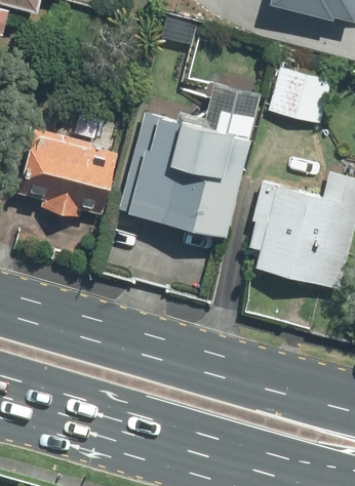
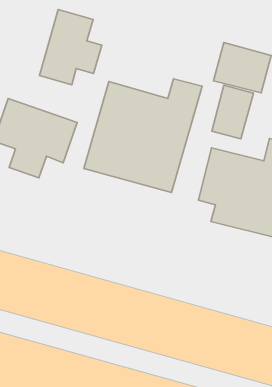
building: none -> [39,9,102,85]
building: none -> [212,85,253,139]

